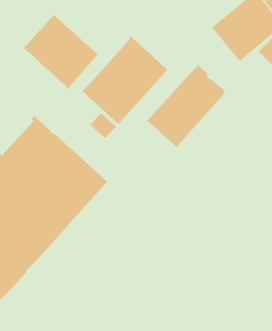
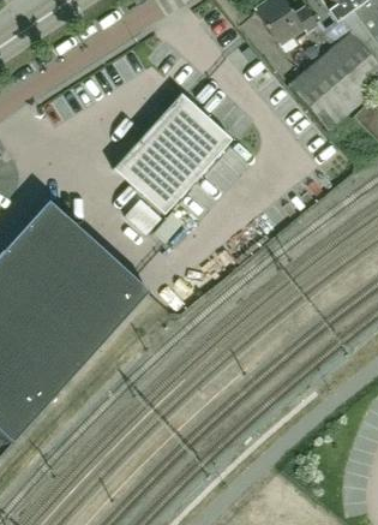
building: [23,14,98,90] -> none
building: [146,65,225,148] -> none

